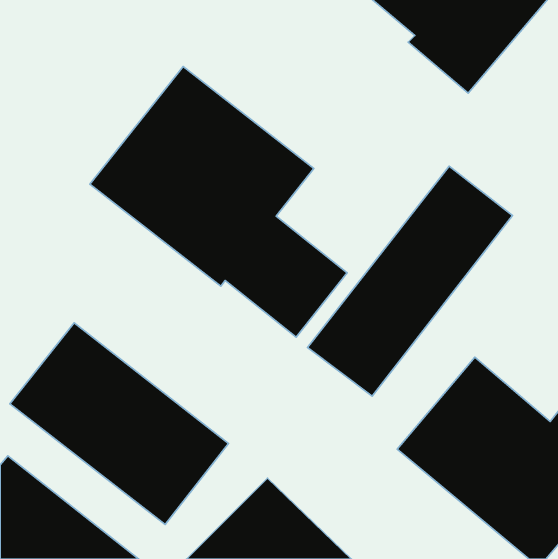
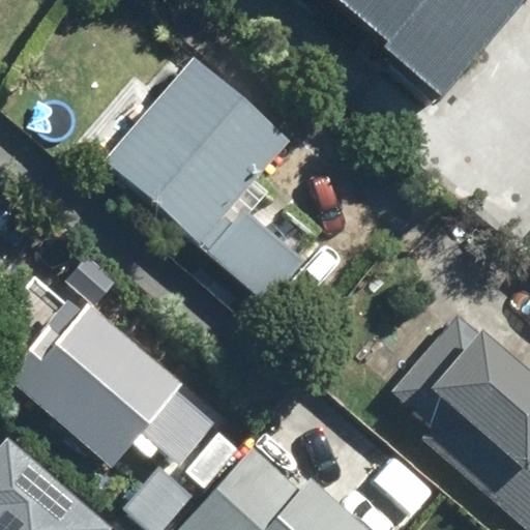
building: [308,166,513,396] -> none

